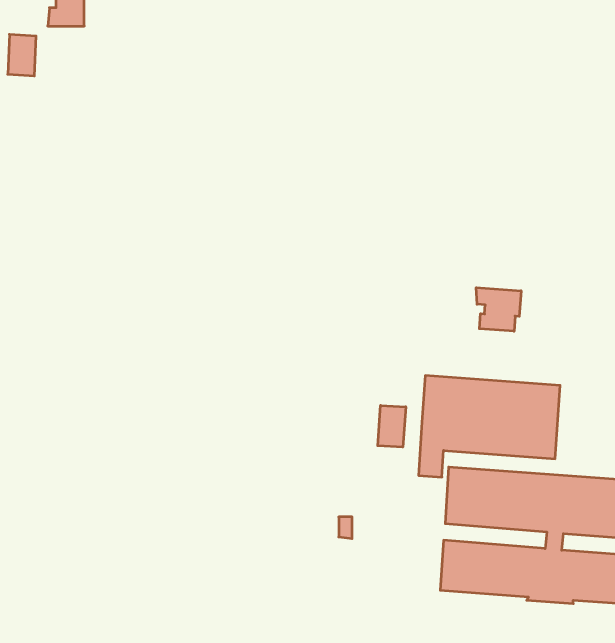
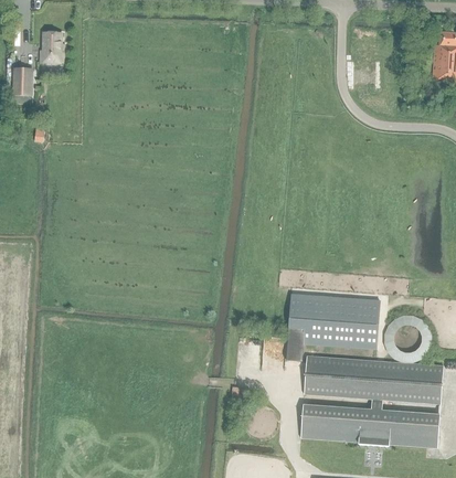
building: [476,288,521,331] -> none
building: [378,405,406,447] -> none

